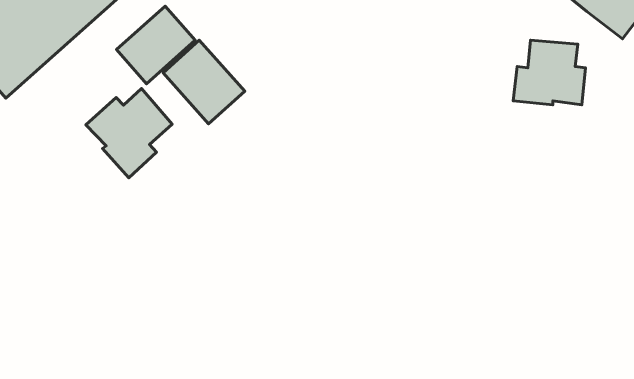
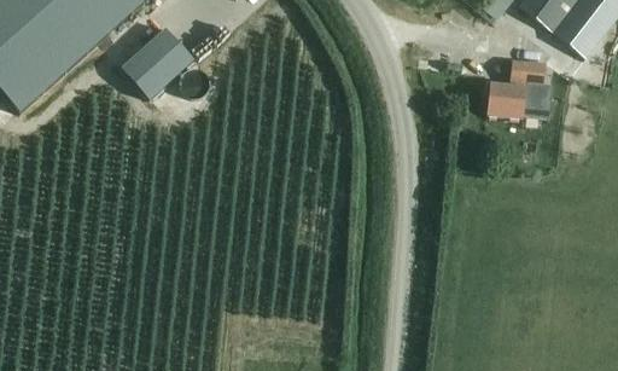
building: [163,40,245,124] -> none
building: [86,88,172,178] -> none

